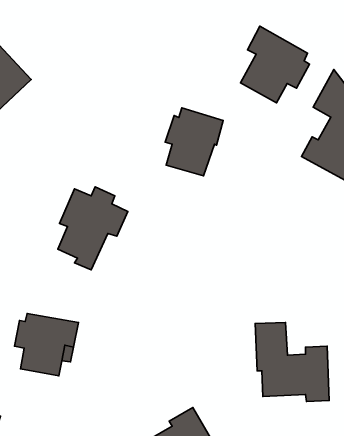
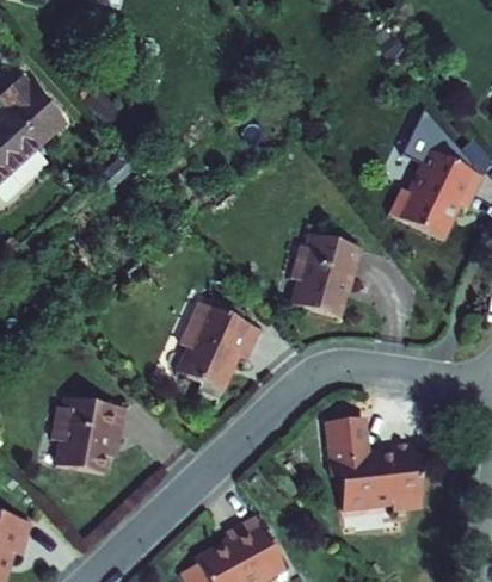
building: [241,26,310,103] -> none
building: [165,108,223,176] -> [290,235,361,317]
building: [58,187,128,270] -> [173,304,258,404]

